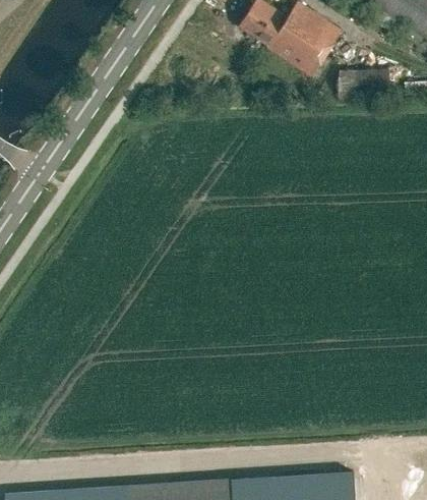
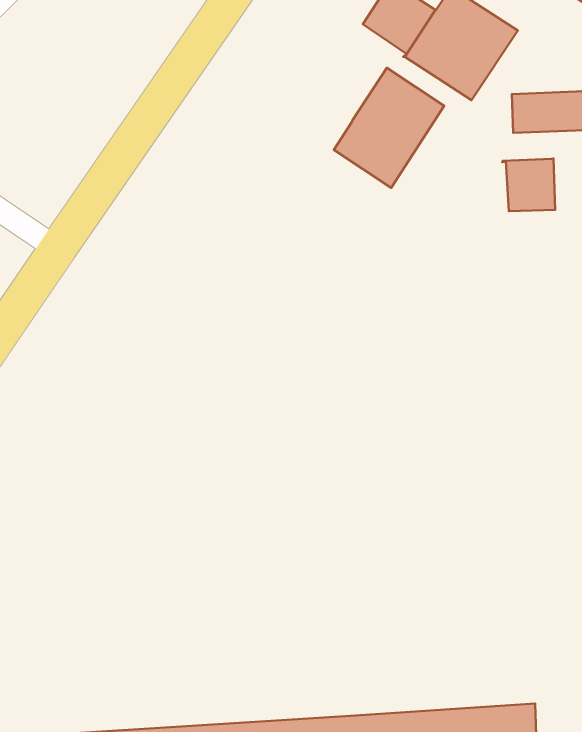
building: none -> [334,68,444,188]
building: none -> [502,158,555,211]

